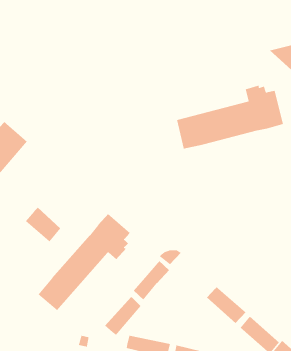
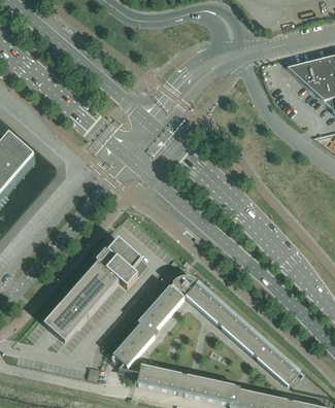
building: [176,85,284,150] -> none
building: [25,207,61,242] -> none
building: none -> [186,283,228,324]

